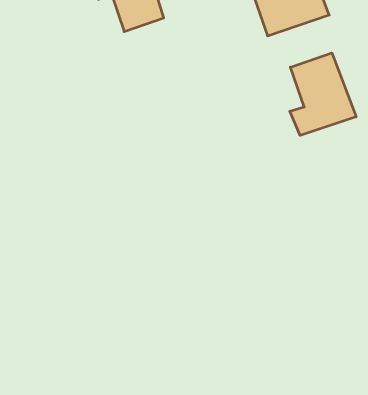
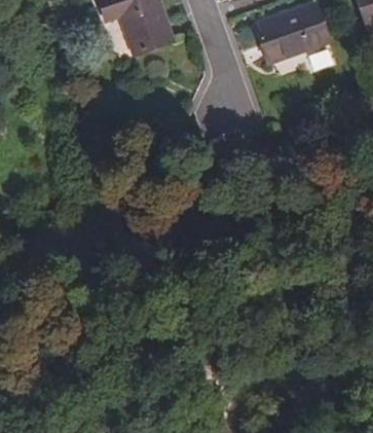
building: [290,53,356,135] -> none

